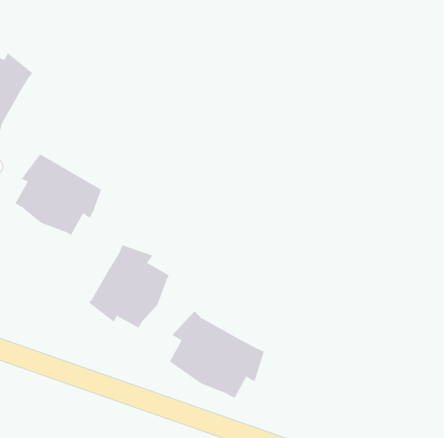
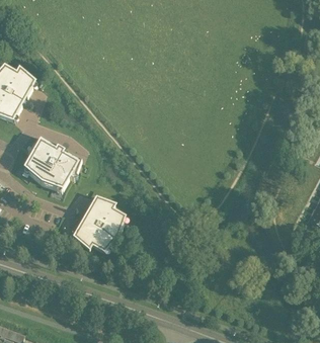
building: [169,311,265,399] -> none

